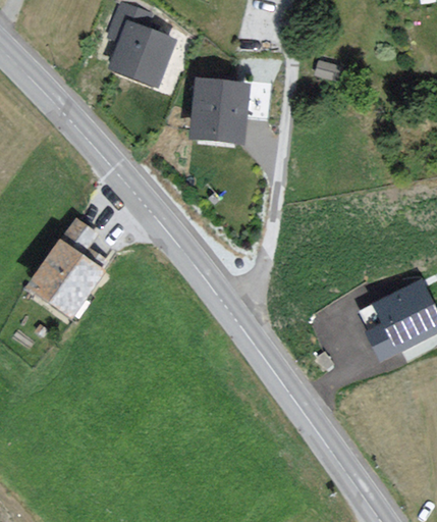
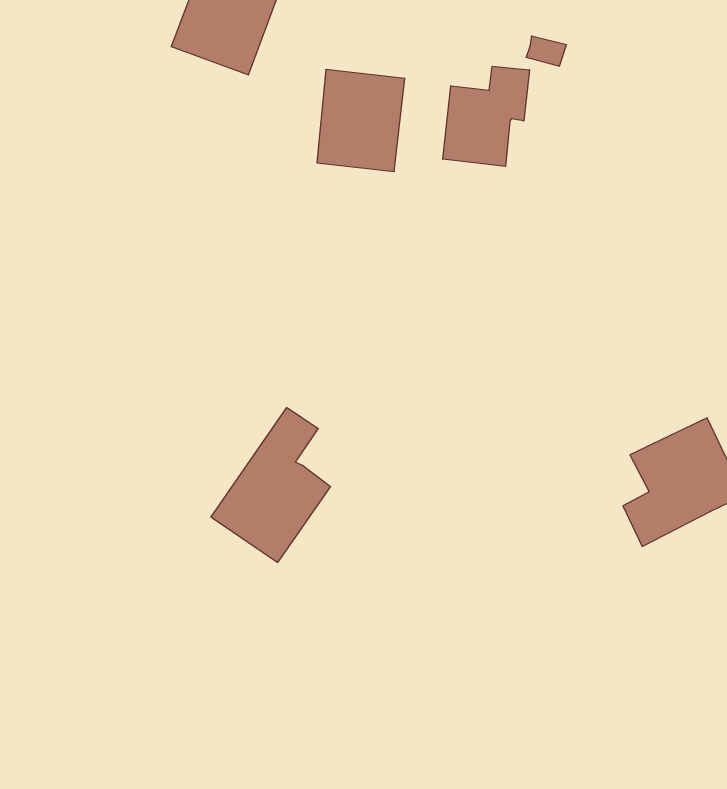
building: none -> [443,66,530,166]
building: [32,224,101,314] -> [211,408,331,562]

